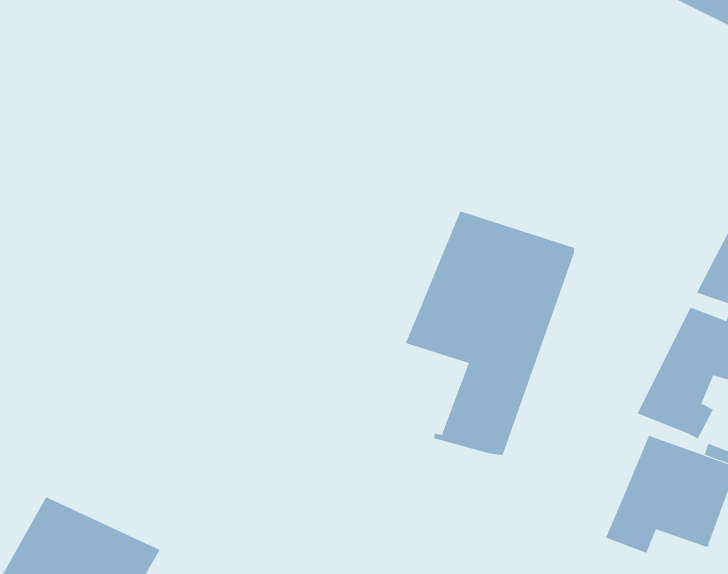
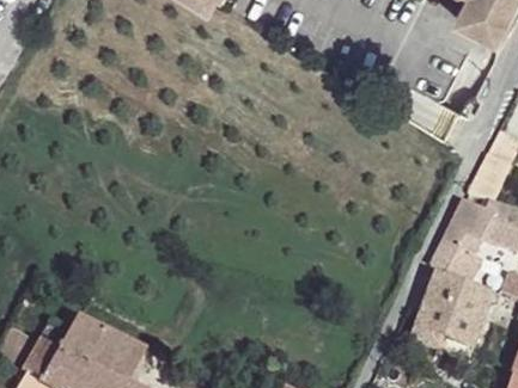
building: [405,210,575,456] -> none

